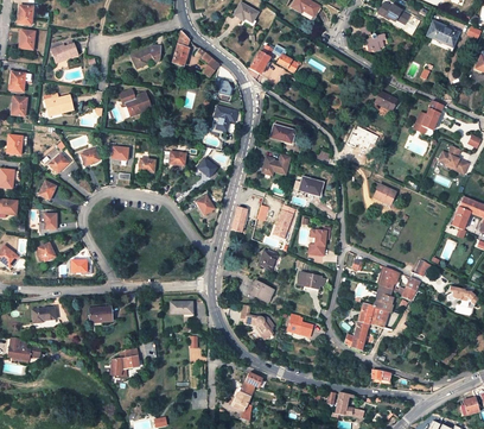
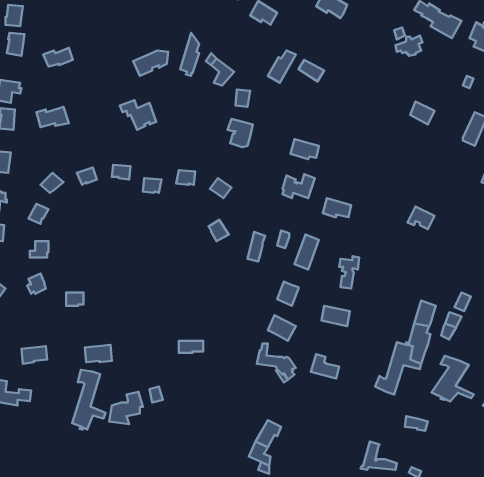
building: none -> [432,356,474,401]
building: none -> [72,370,105,429]

